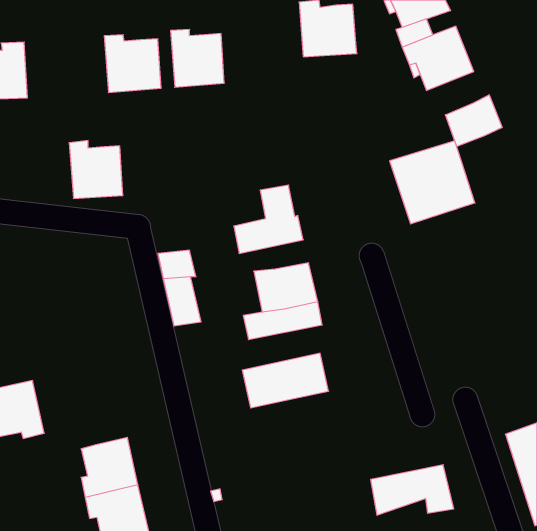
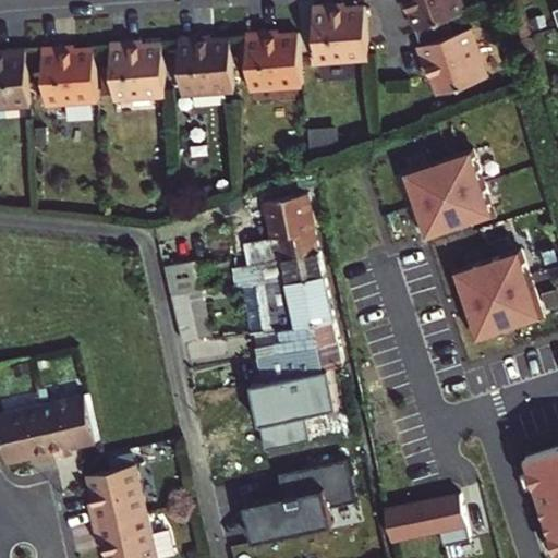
building: none -> [245,33,300,93]
building: [445,95,502,146] -> none
building: [69,141,123,198] -> [39,47,95,107]
building: none -> [453,251,541,339]
building: none -> [232,255,319,290]
building: none -> [257,343,339,381]
building: none -> [34,389,93,456]
building: none -> [259,420,310,454]
building: none -> [242,460,355,545]

